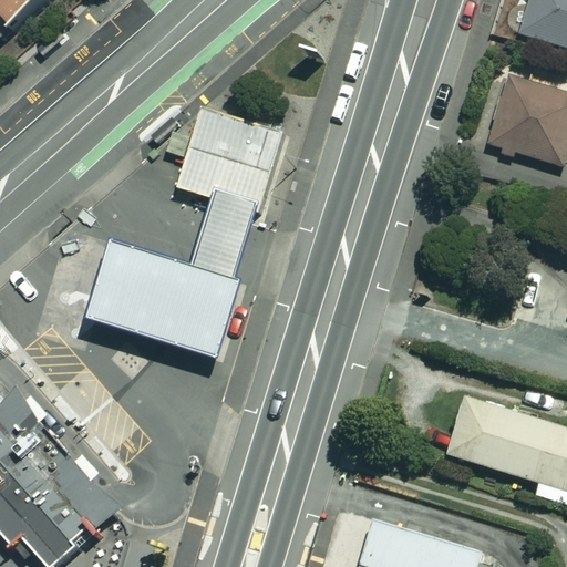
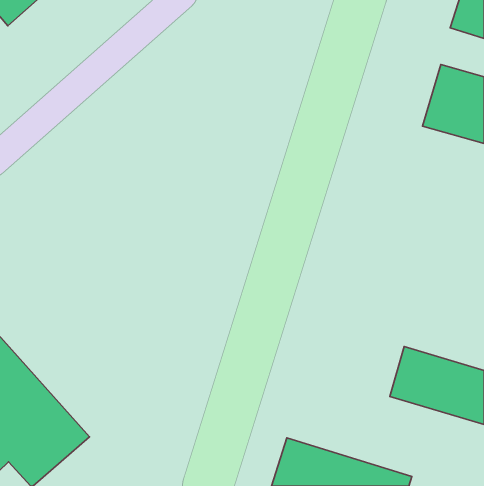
building: [107,120,280,351] -> none

